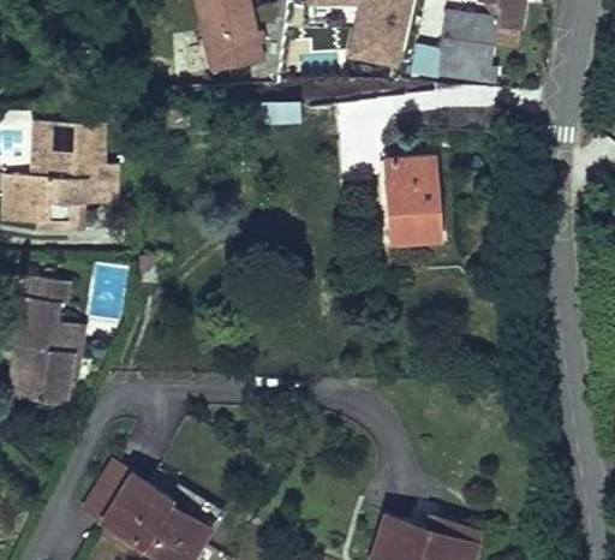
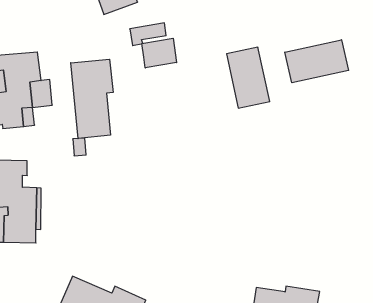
building: none -> [142,38,177,68]
building: none -> [71,59,113,139]
building: none -> [285,40,349,83]

